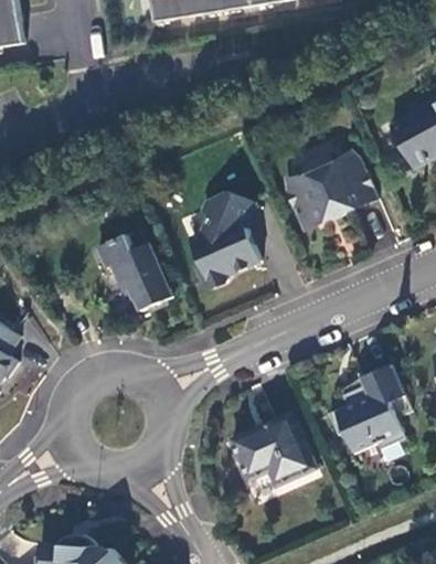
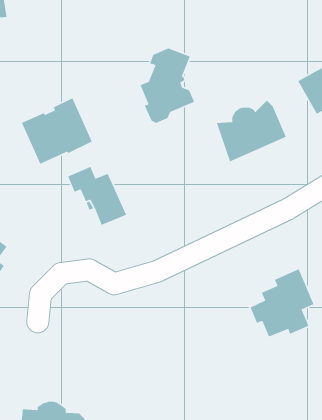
building: none -> [21,97,93,165]
building: [190,191,260,288] -> [140,47,195,124]
building: [232,413,317,486] -> none

